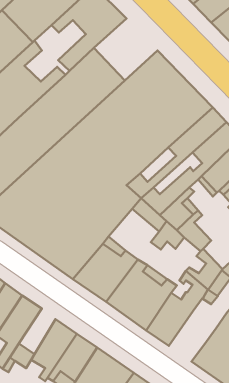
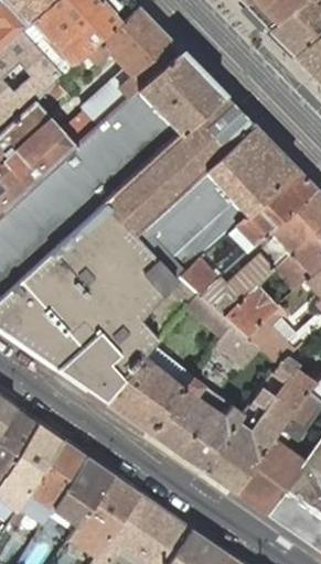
building: none -> [135,48,221,132]
building: none -> [33,440,83,501]
building: none -> [236,443,300,511]

